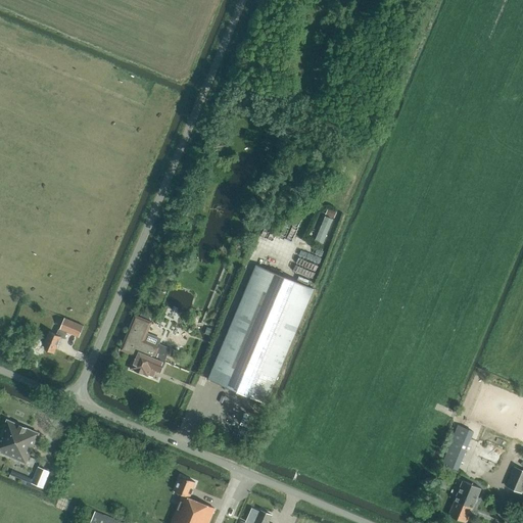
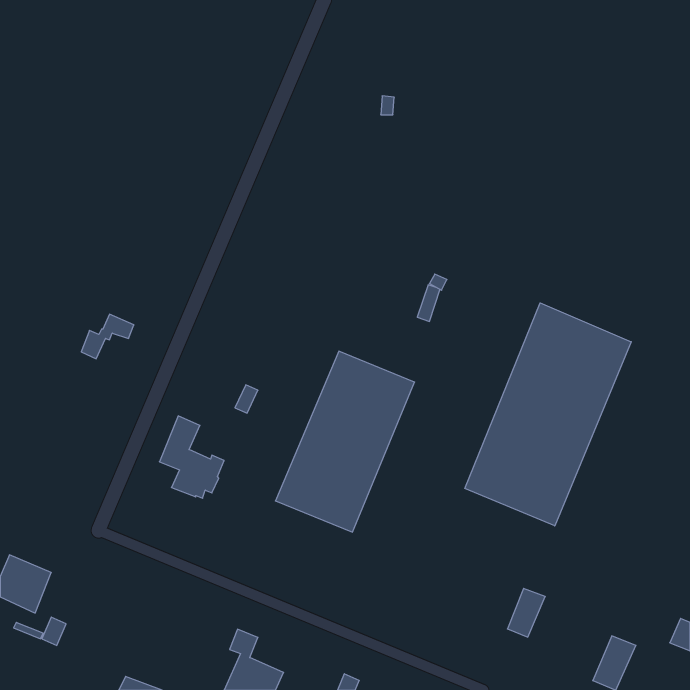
building: none -> [465,303,631,526]
building: [43,320,83,353] -> [81,314,134,359]
building: [442,433,471,470] -> [507,588,545,637]

